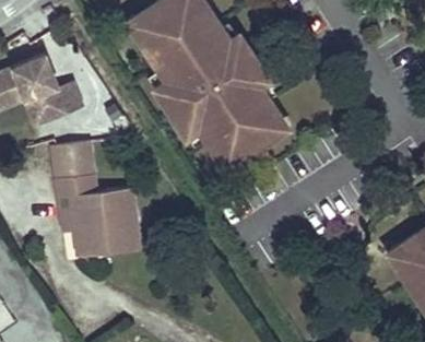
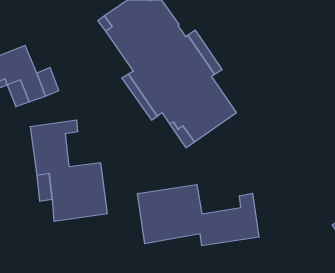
building: none -> [138,184,259,246]

